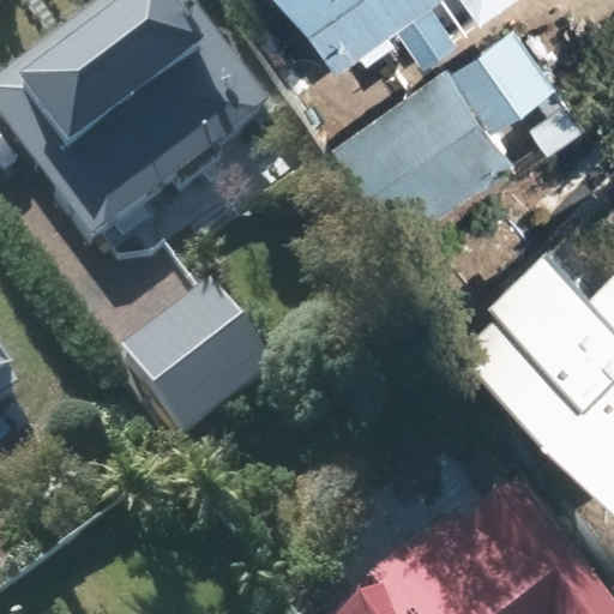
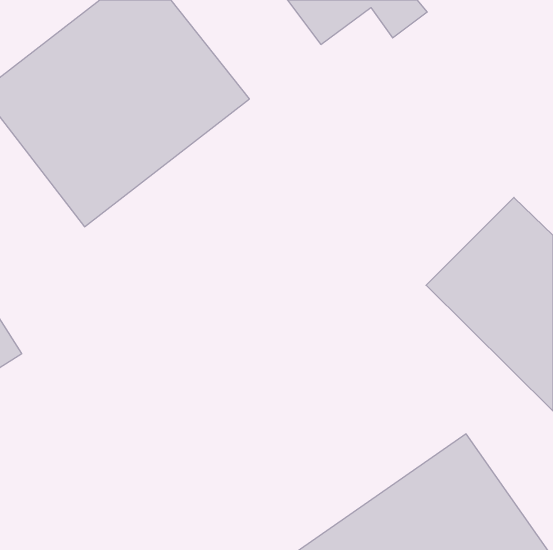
building: [351,11,573,230] -> none
building: [118,284,281,445] -> none

